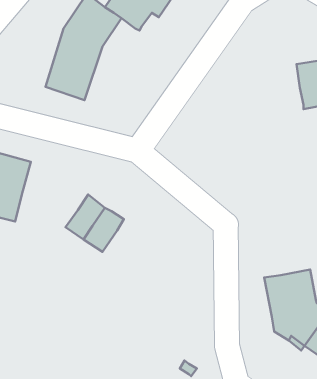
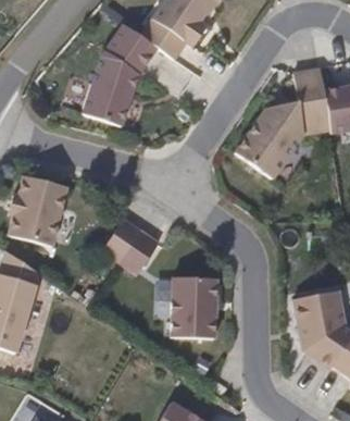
building: none -> [236,69,332,177]
building: none -> [171,275,216,336]

